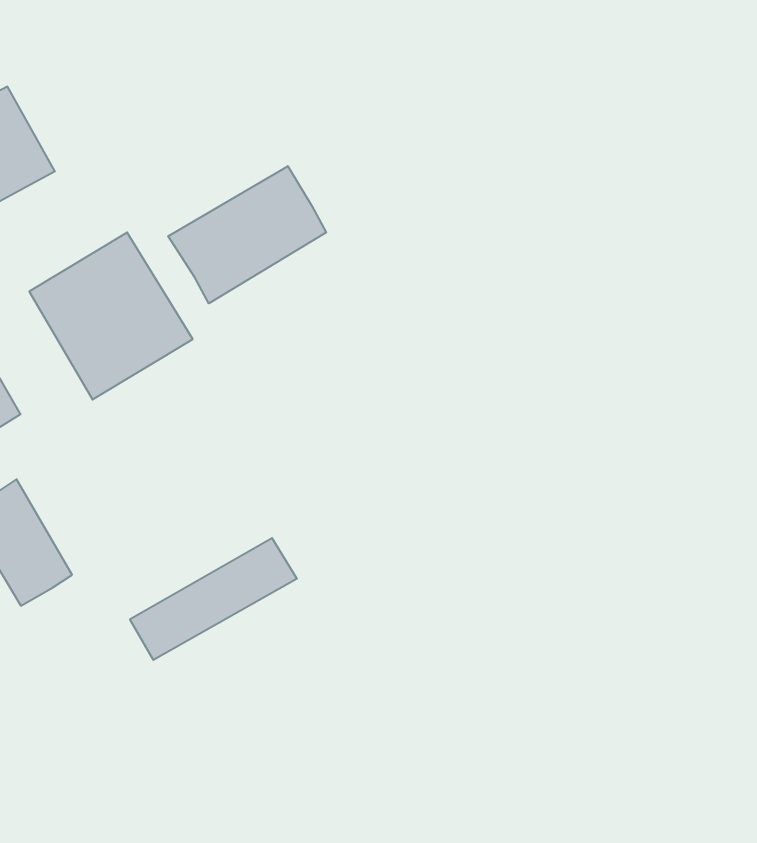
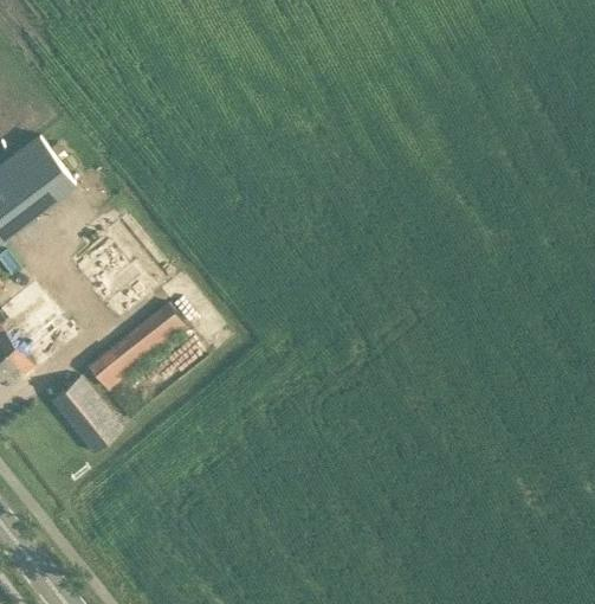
building: [168,166,326,303] -> none
building: [130,538,297,660] -> [88,304,186,390]

